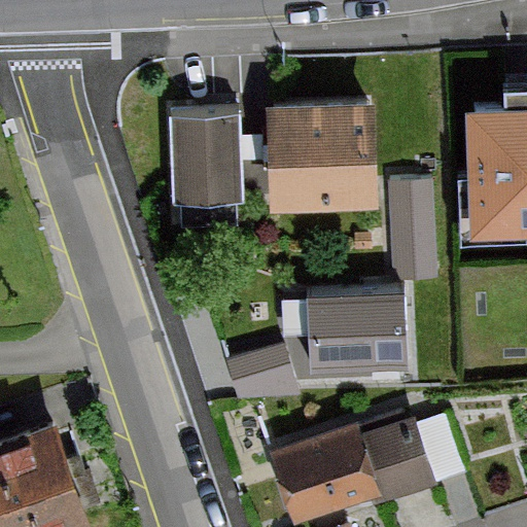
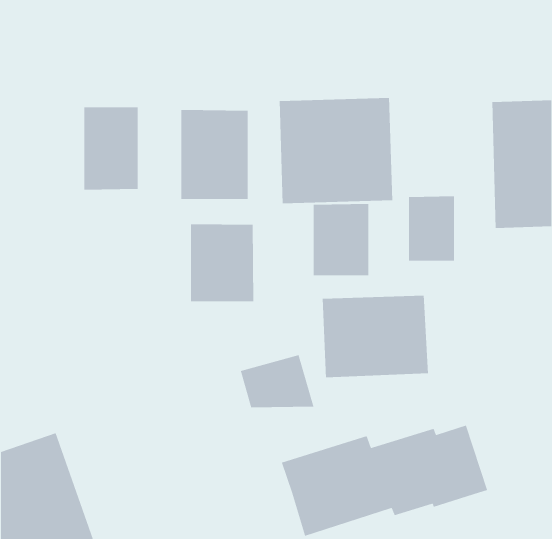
building: none -> [84,107,138,191]
building: none -> [313,203,369,276]
building: none -> [190,223,254,302]

